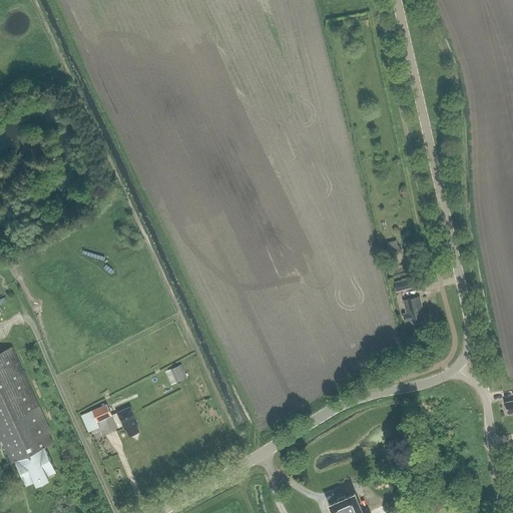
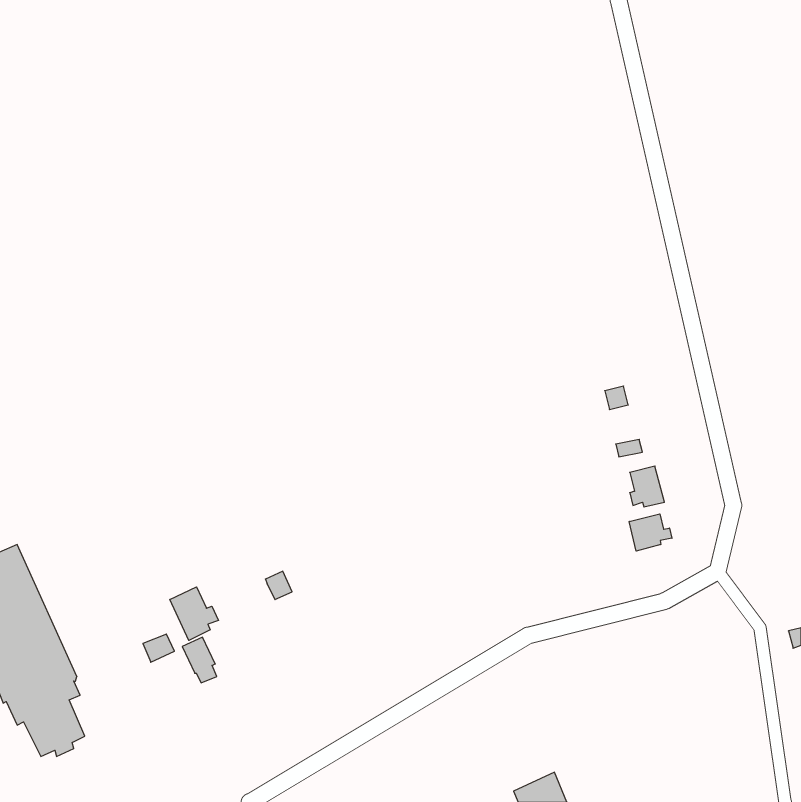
building: none -> [629,514,672,551]
building: none -> [170,587,218,640]

